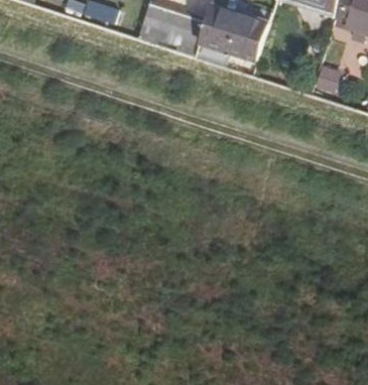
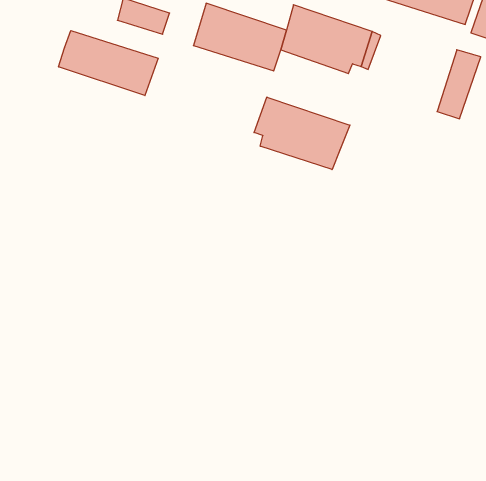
building: none -> [59,31,158,96]
building: none -> [254,97,350,170]

